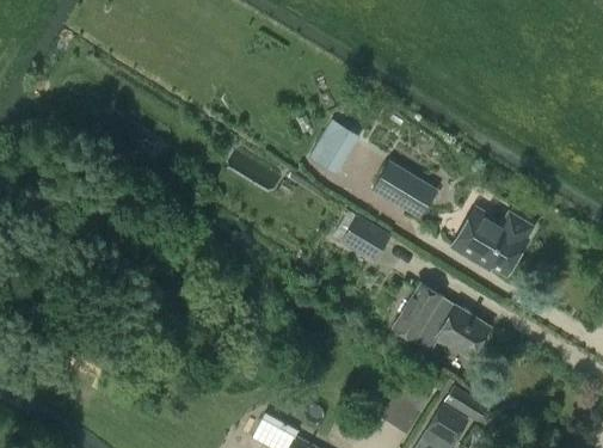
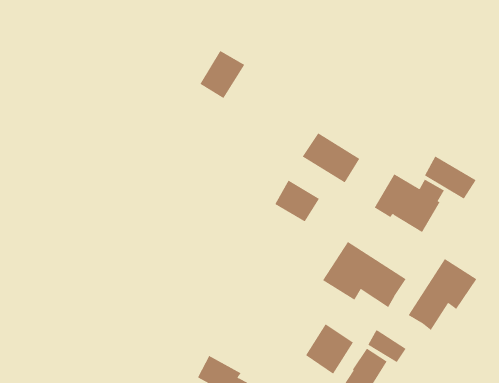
building: [310,117,362,172] -> [200,50,245,99]
building: none -> [424,155,477,200]
building: none -> [408,258,477,331]

